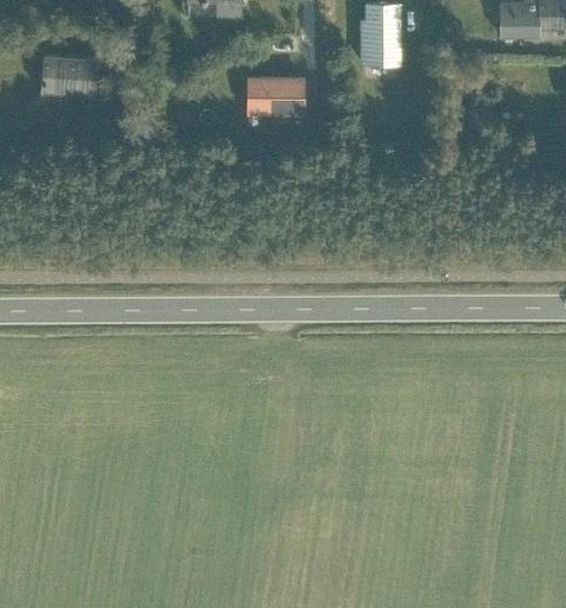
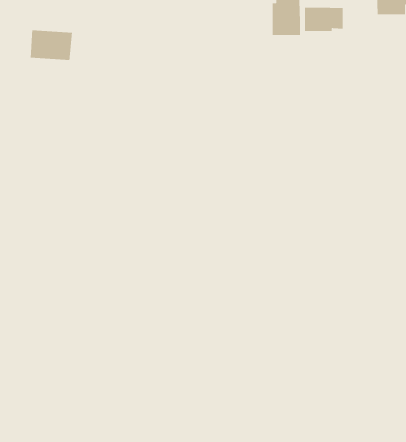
building: none -> [304,7,343,32]
building: [248,80,304,124] -> none

